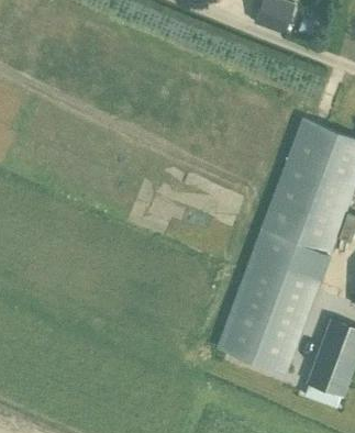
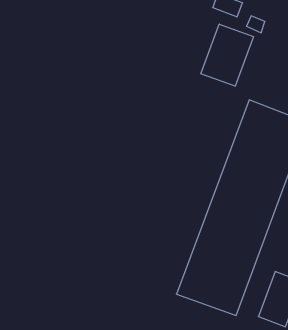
building: none -> [201,24,253,86]

